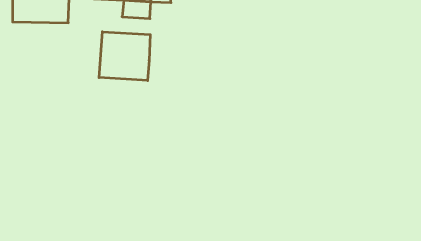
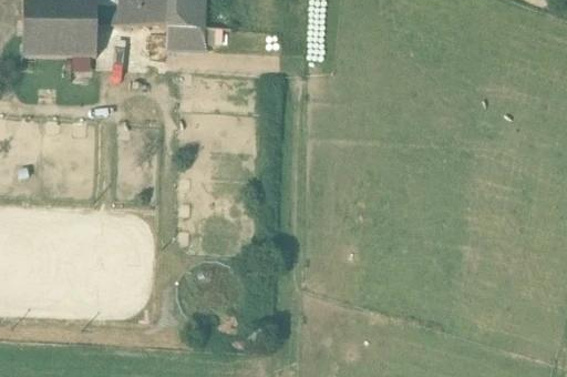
building: [99,32,150,81] -> none

